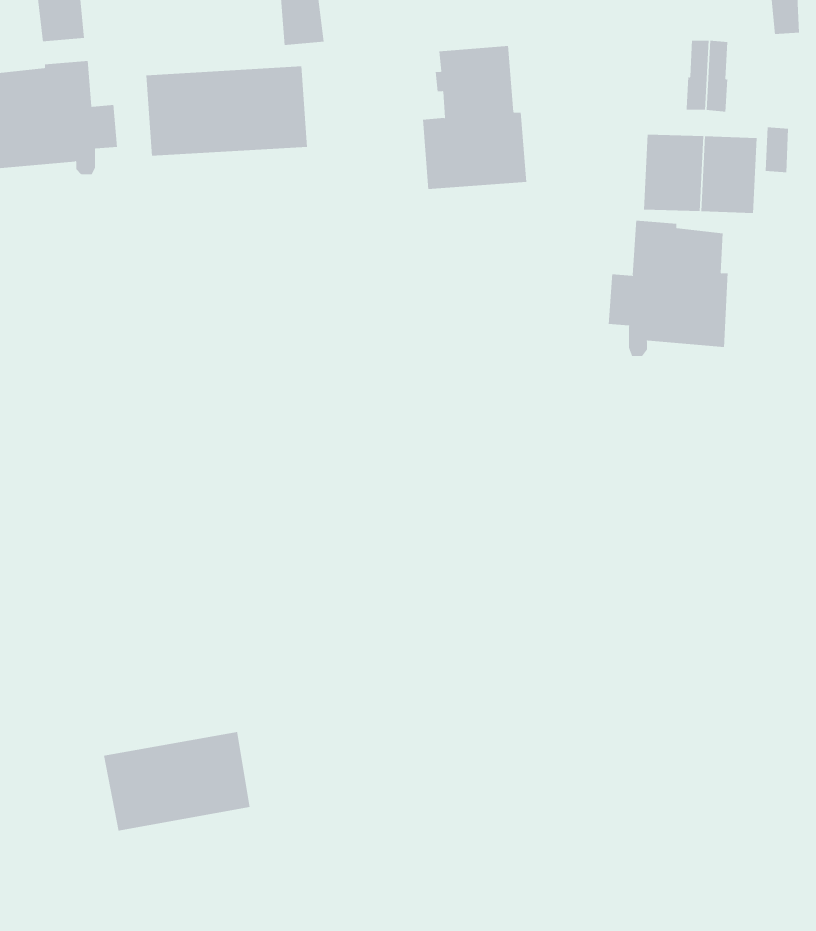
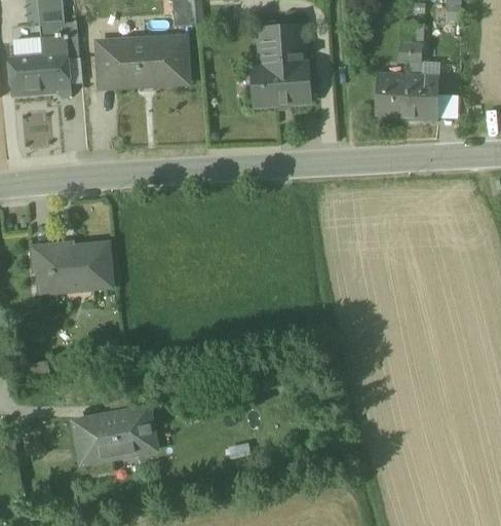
building: none -> [39,21,79,60]
building: [608,220,728,357] -> none
building: none -> [30,242,111,294]

